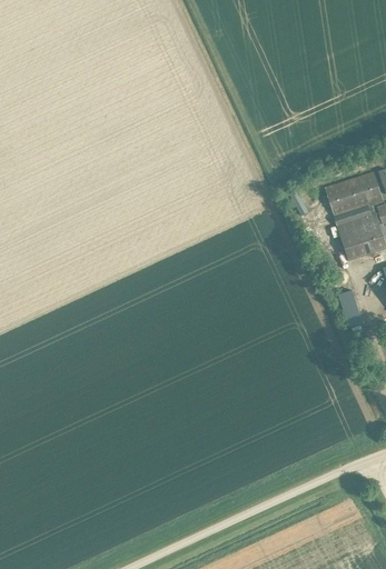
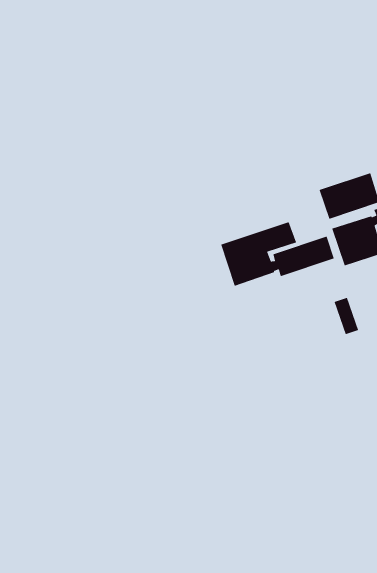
building: none -> [220,221,335,287]

